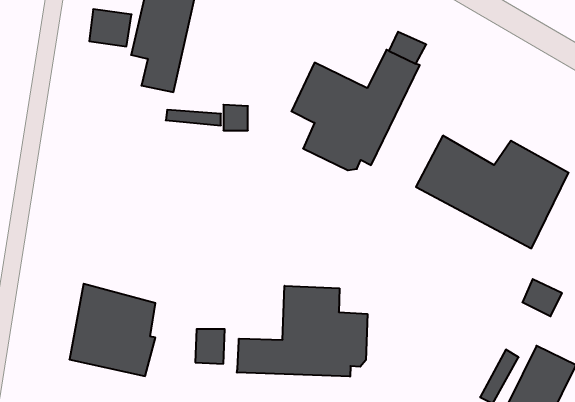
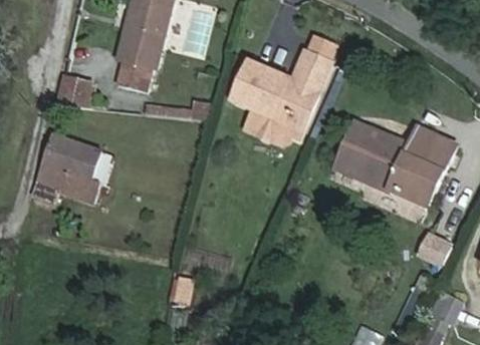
building: [89,9,132,46] -> [60,78,93,107]
building: [69,284,155,376] -> [36,136,103,209]
building: [237,286,367,377] -> none

